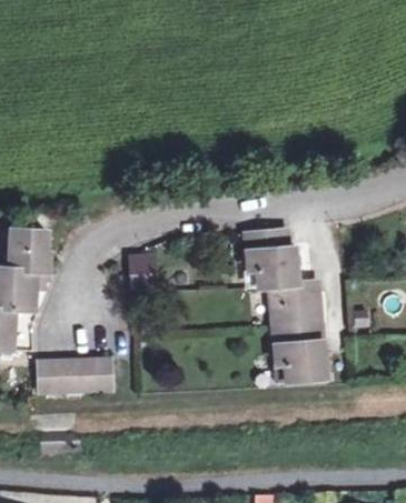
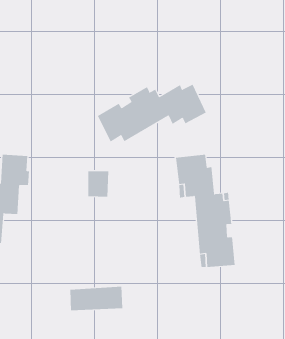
building: none -> [97,84,206,143]
building: [40,358,112,391] -> [69,286,123,311]

